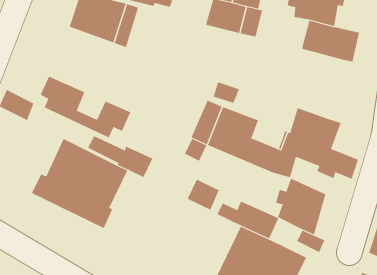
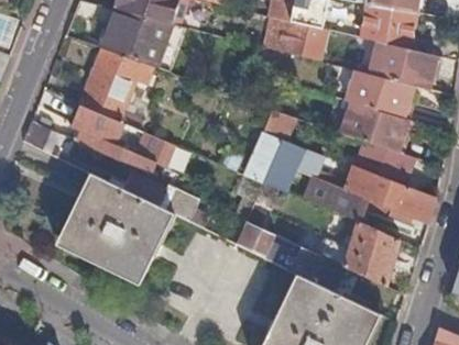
building: none -> [80,48,152,131]
building: none -> [341,70,415,154]

